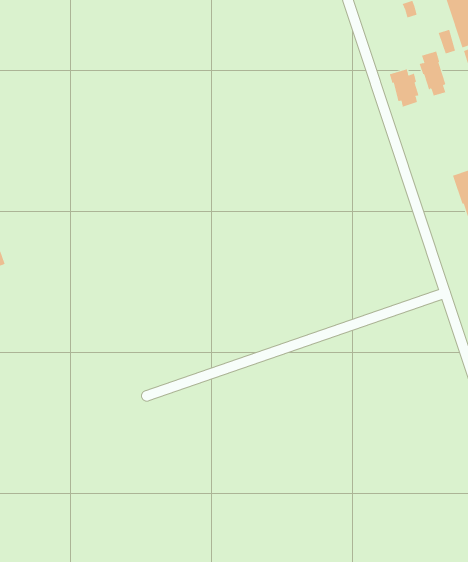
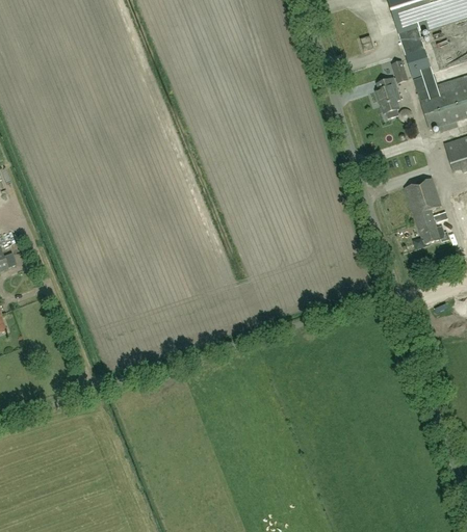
building: [389,69,419,107] -> none

